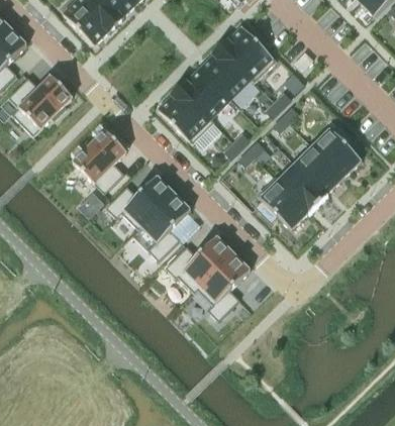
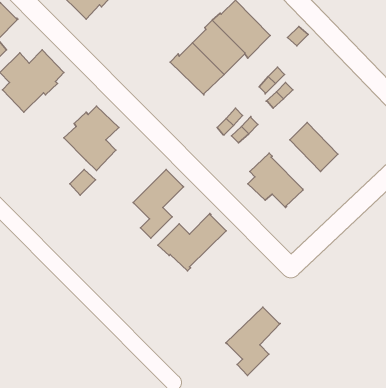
building: [159,86,215,142] -> none
building: [313,122,362,177] -> none
building: [278,163,328,213] -> none
building: [106,175,174,228] -> none
building: [197,252,251,320] -> [226,307,280,376]

